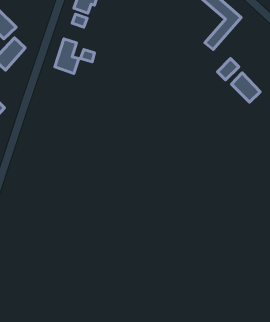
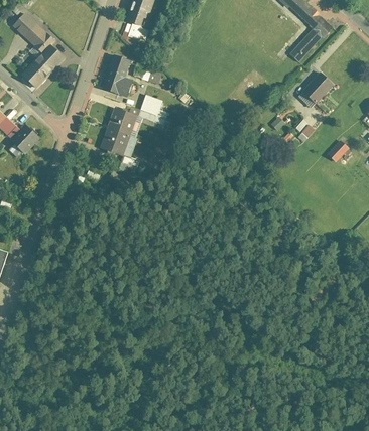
building: none -> [99,93,160,155]
building: [232,73,260,102] -> none

